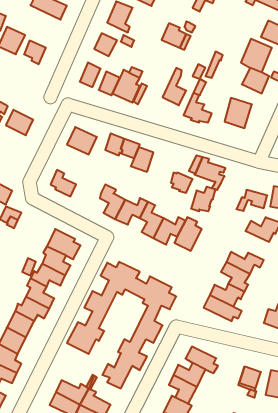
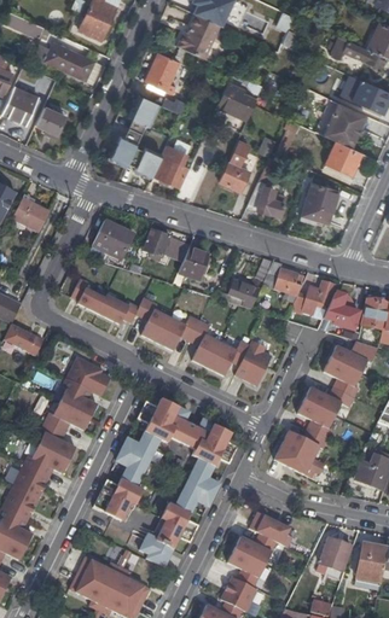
building: none -> [98,293,139,323]
building: [191,187,216,211] -> [302,280,335,313]
building: none -> [324,357,361,396]

